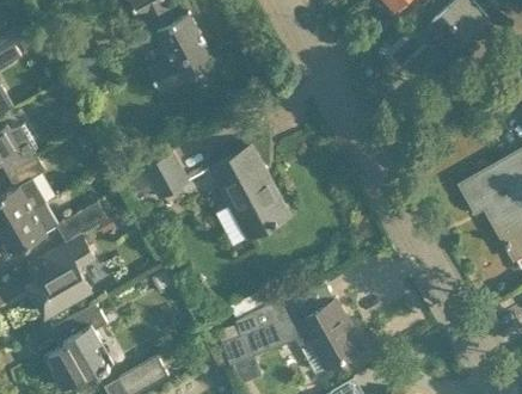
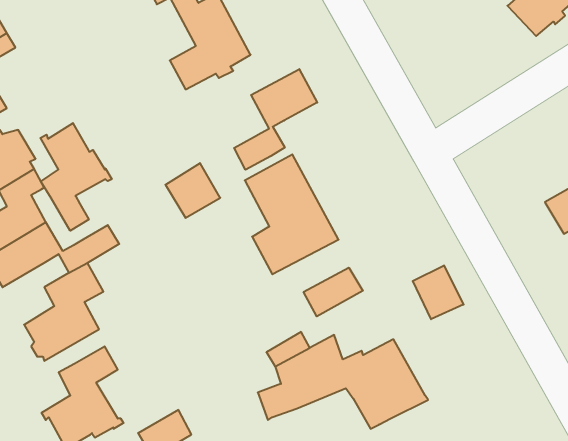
building: none -> [234,69,317,170]
building: none -> [40,123,112,231]
building: none -> [413,265,464,319]
building: none -> [304,268,363,316]

